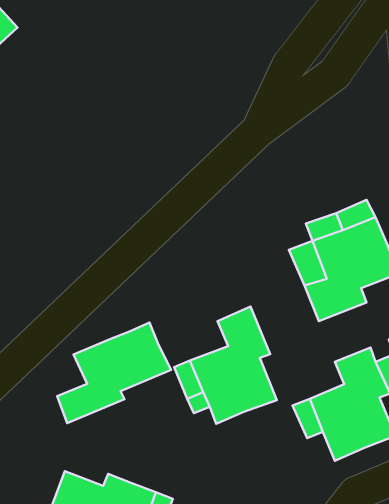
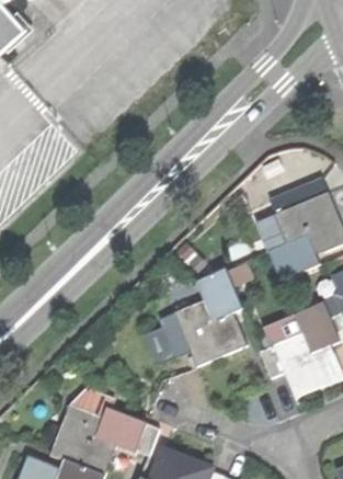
building: [57,323,171,423] -> none

